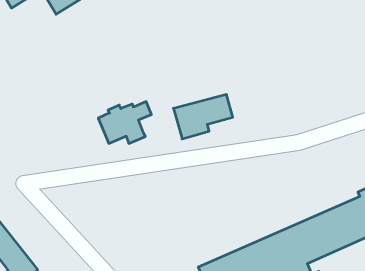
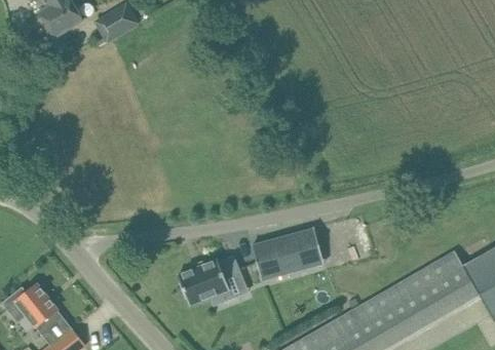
building: [173,95,233,139] -> [252,228,321,280]
building: [98,102,151,143] -> [178,256,240,305]

